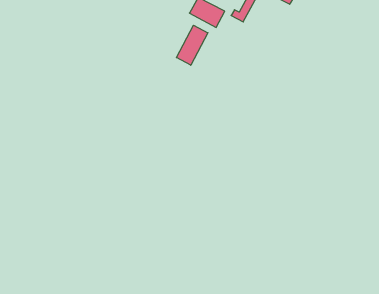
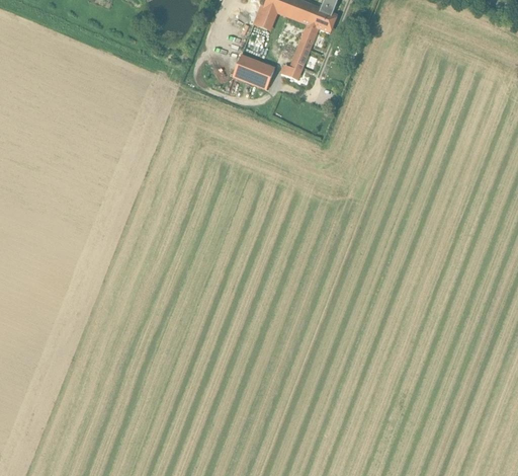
building: [176,25,208,65] -> none

